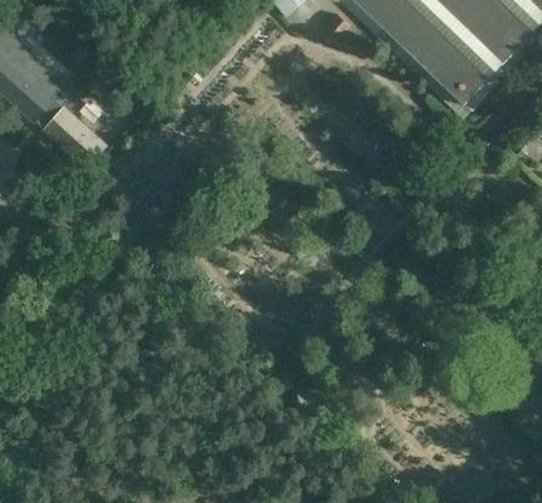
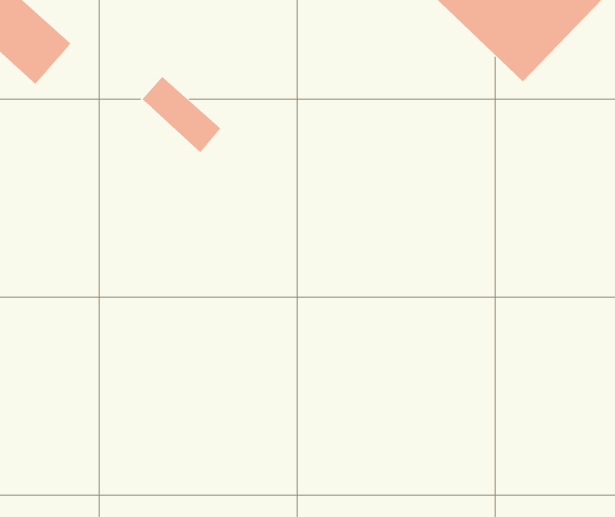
building: [33,95,102,163] -> [141,76,221,153]

